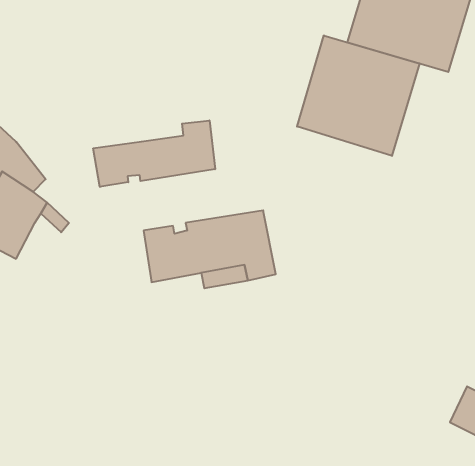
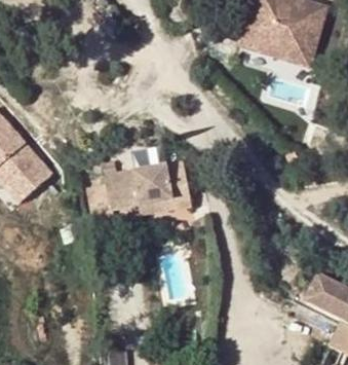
building: [297,35,420,156] -> none
building: [93,120,215,187] -> none

